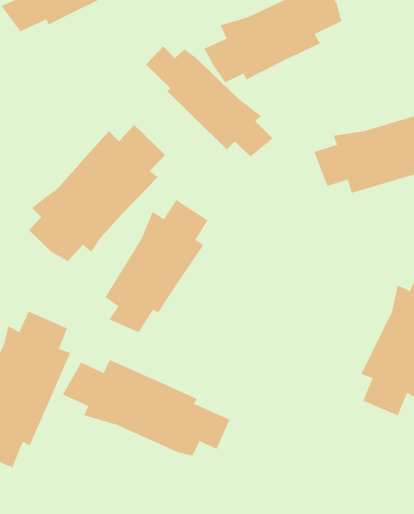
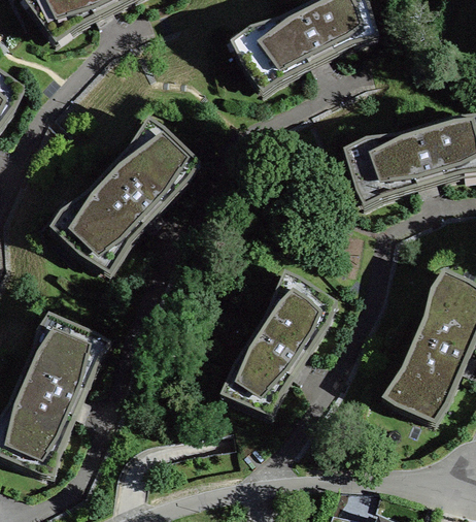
building: [145,45,273,158] -> none
building: [104,199,208,333] -> [228,276,333,412]
building: [62,359,230,456] -> none

